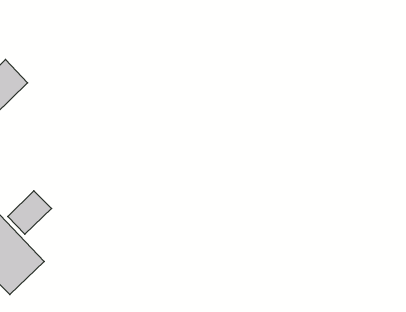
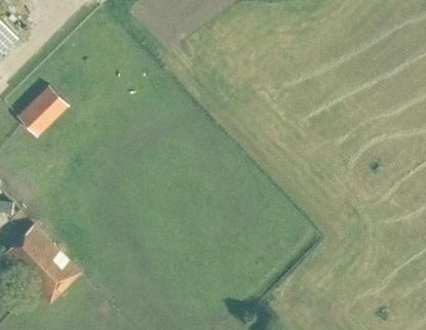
building: [8,191,52,234] -> none

